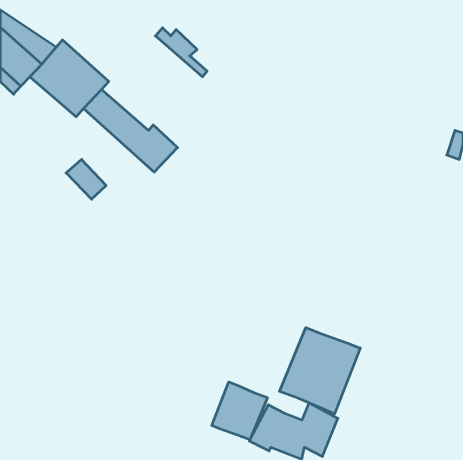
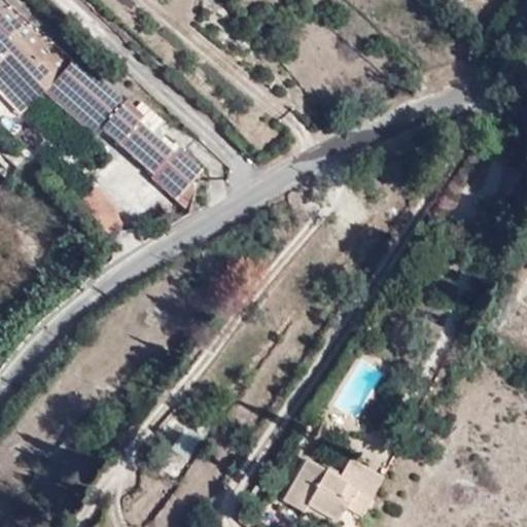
building: [155,28,207,77] -> [115,93,174,148]
building: [279,328,360,414] -> none
building: [212,382,267,440] -> none

